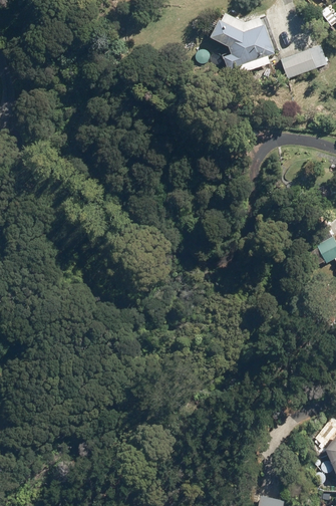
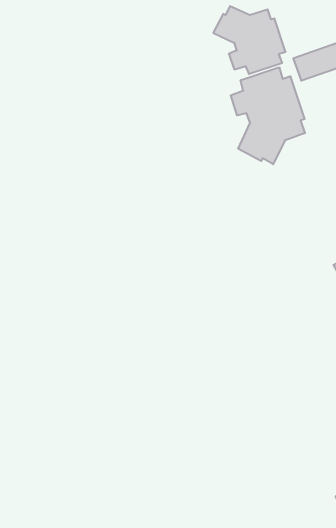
building: none -> [231,67,305,164]

